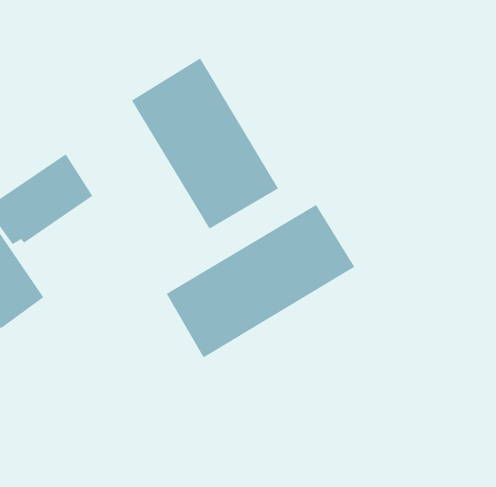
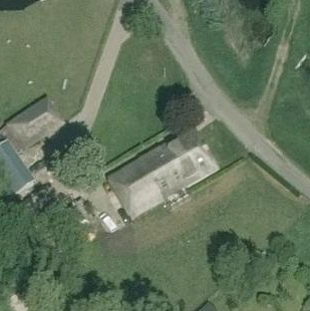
building: [131,58,279,229] -> none

